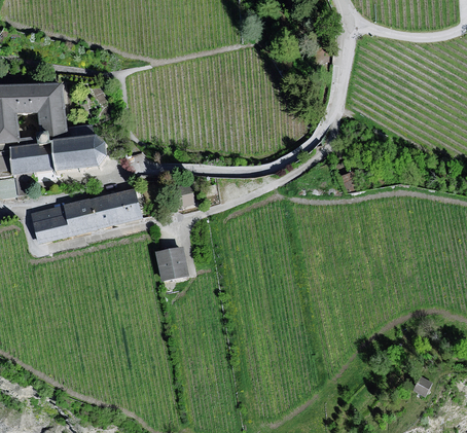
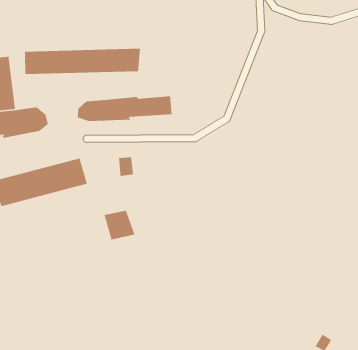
building: none -> [24,48,141,75]
building: none -> [77,95,173,122]

